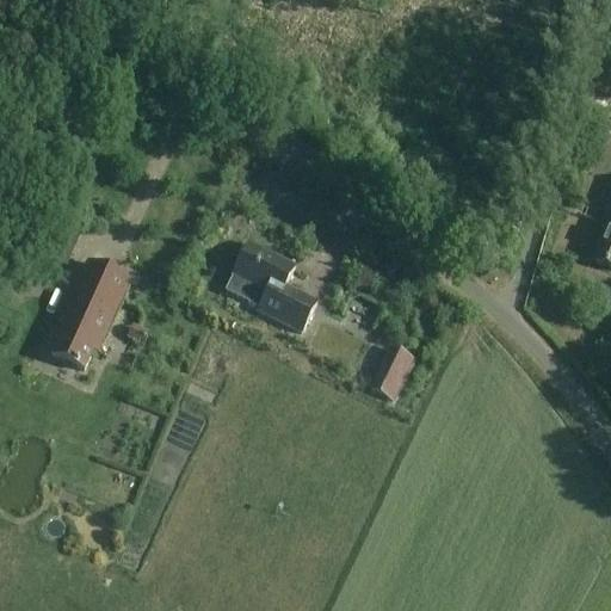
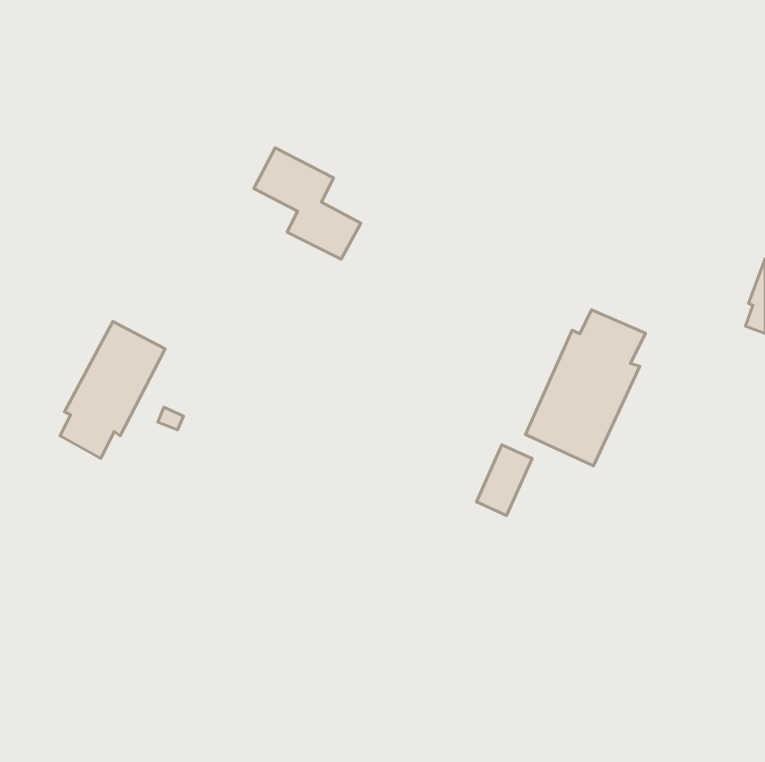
building: [230,242,315,331] -> [254,148,361,259]
building: none -> [525,310,645,466]

